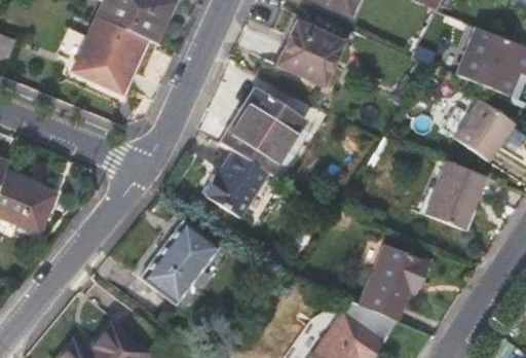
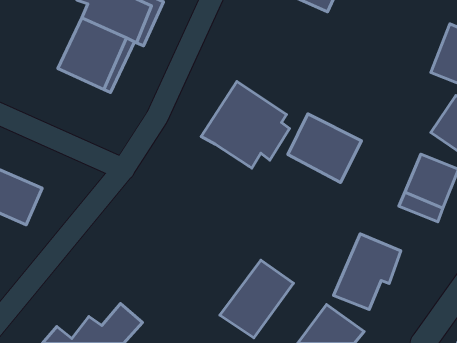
building: [275,17,351,88] -> [288,114,361,182]
building: [202,150,269,217] -> none
building: [140,223,216,303] -> [220,260,294,338]

